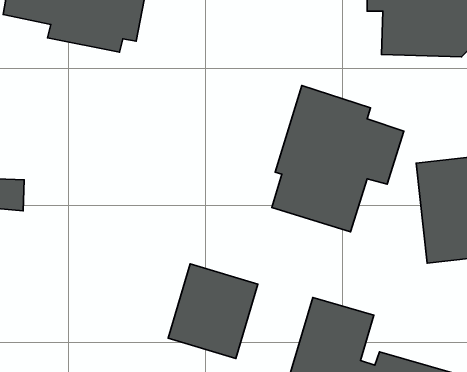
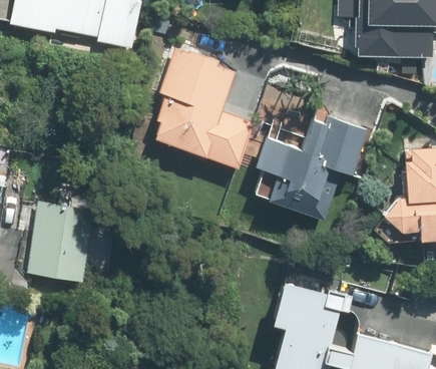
building: none -> [143,43,254,167]
building: none -> [33,202,86,277]
building: [168,264,258,358] -> none

